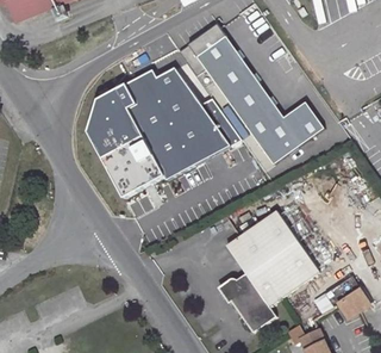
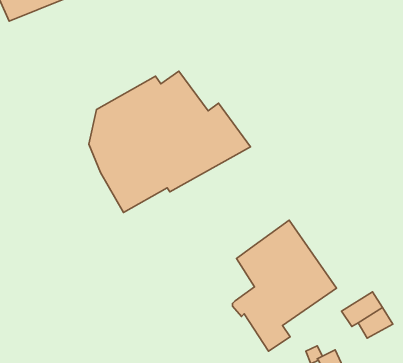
building: [180,25,324,165] -> none

